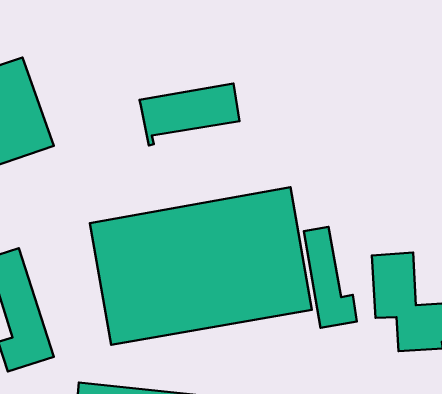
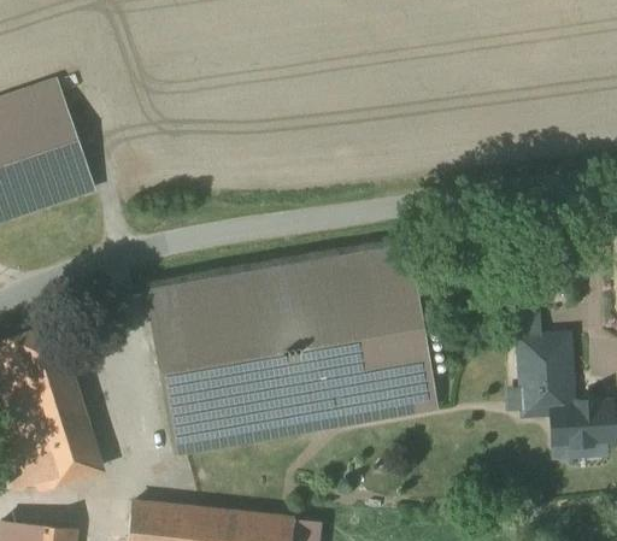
building: [140,84,239,145] -> none
building: [304,227,357,328] -> none

